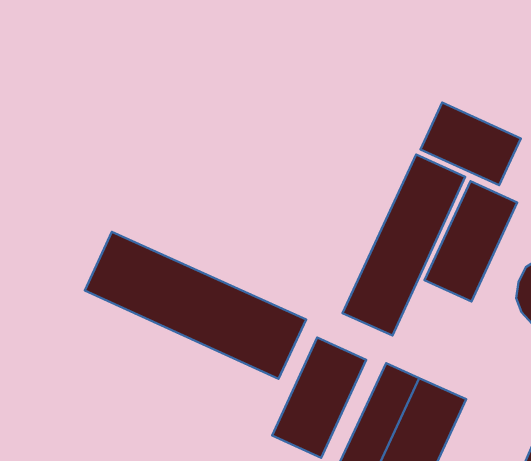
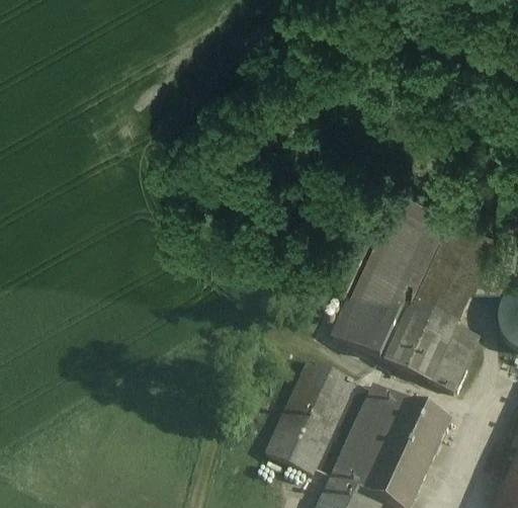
building: [420,103,521,185] -> none
building: [85,232,306,379] -> none
building: none -> [384,305,478,391]

